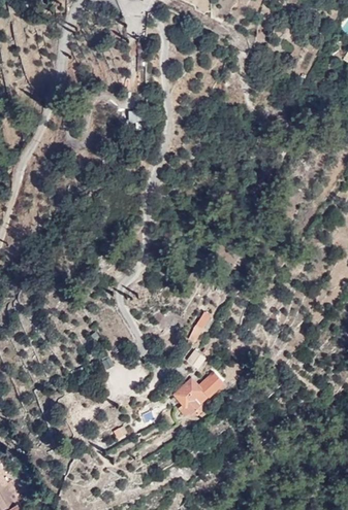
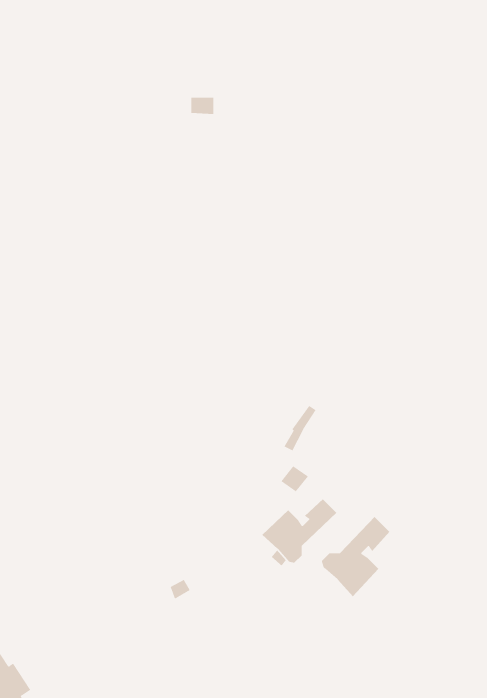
building: none -> [321,516,390,597]

